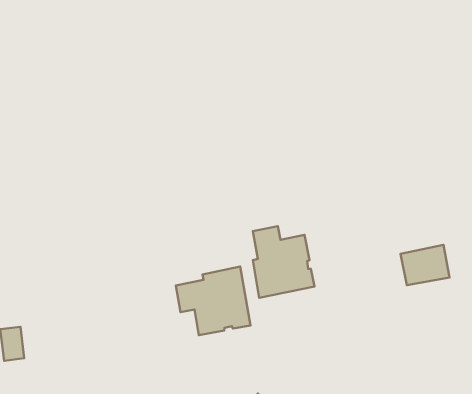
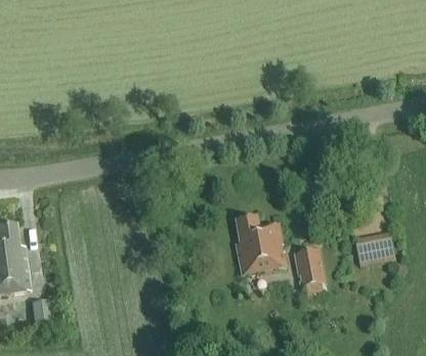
building: none -> [295,250,326,286]
building: [176,266,251,335] -> none

